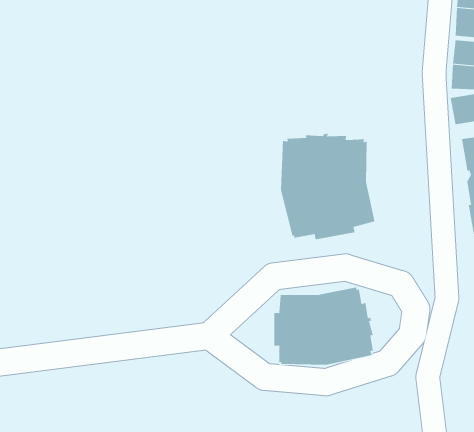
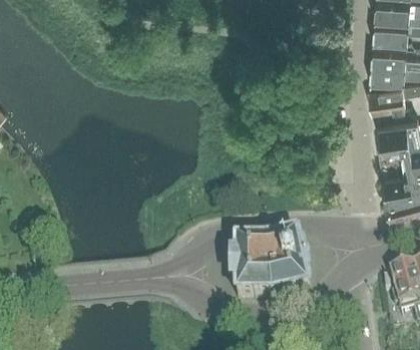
building: [280,133,375,240] -> none

